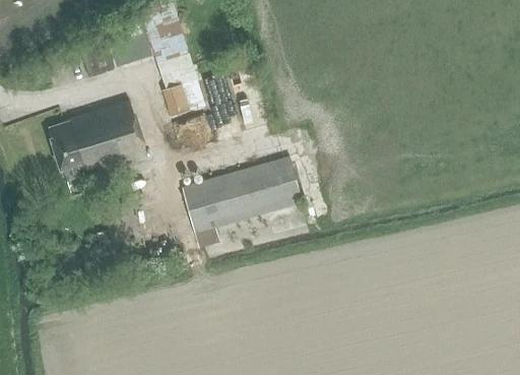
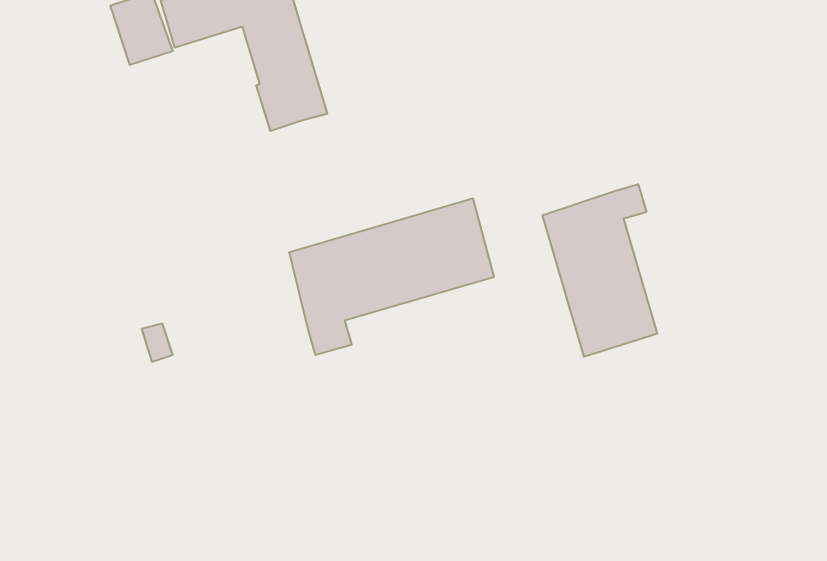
building: [49,100,147,179] -> none
building: none -> [543,184,657,357]

